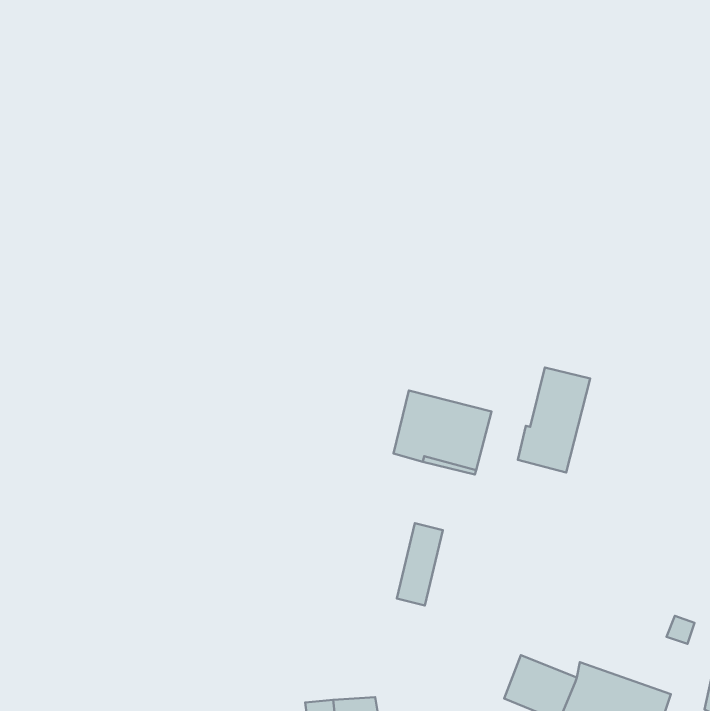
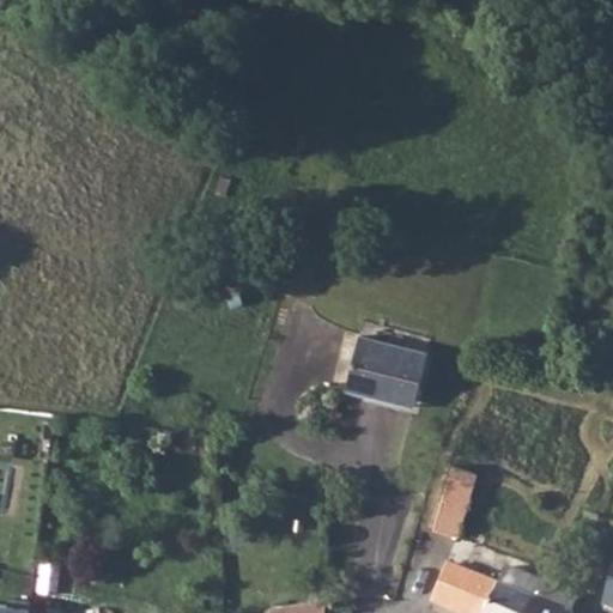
building: [518,367,590,473] -> none
building: [397,523,443,606] -> [436,466,475,536]

